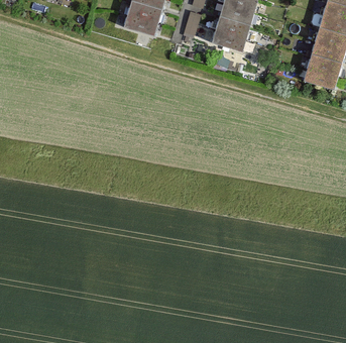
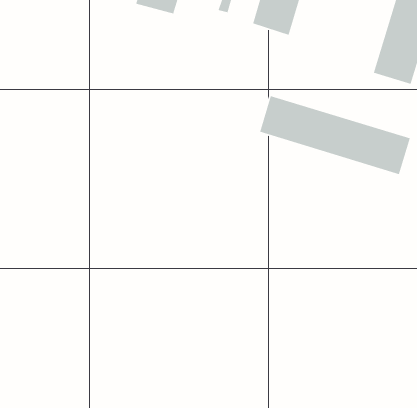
building: none -> [259,95,411,175]

